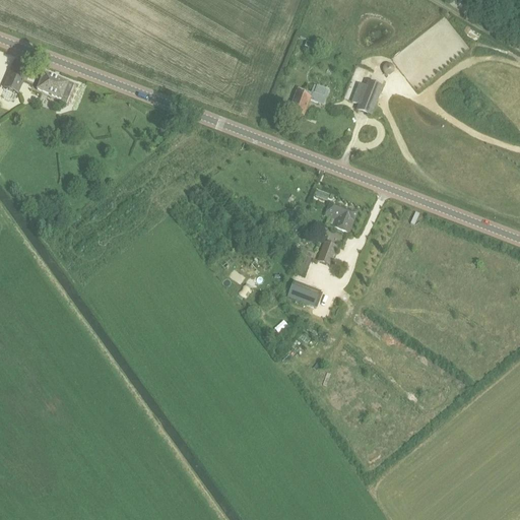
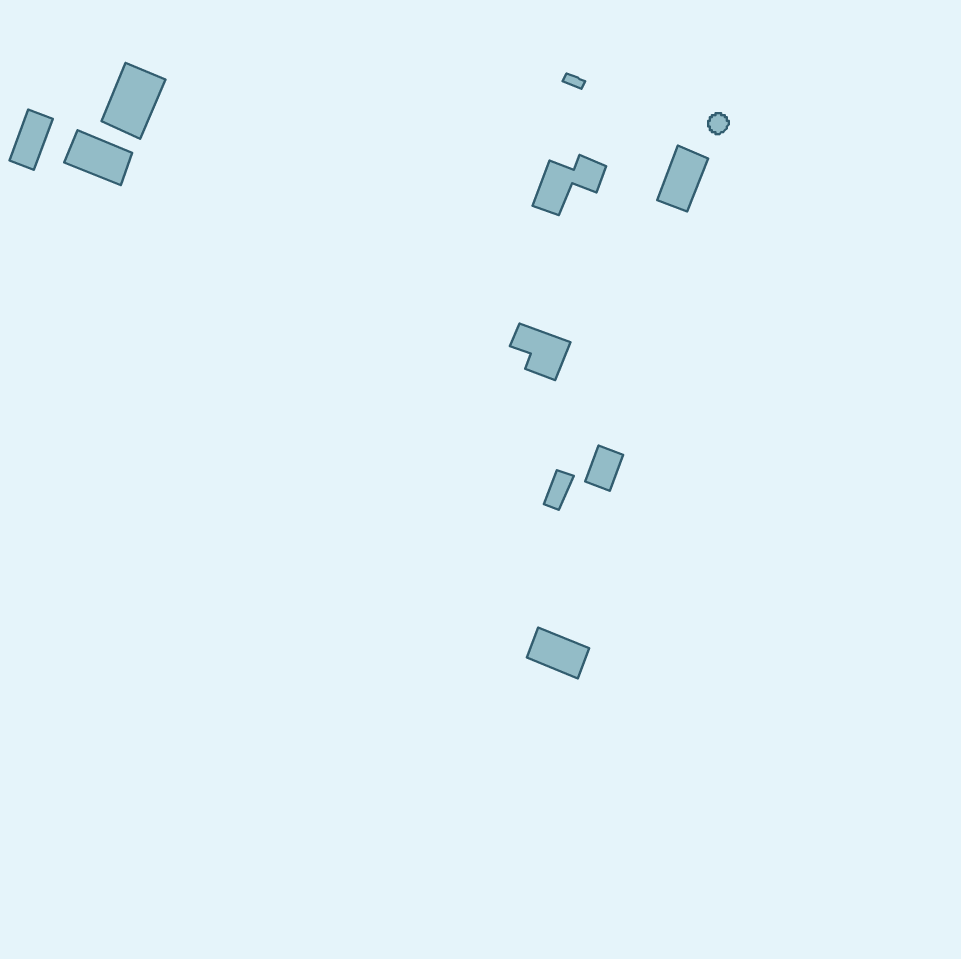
building: none -> [102,63,166,139]
building: [323,201,355,232] -> [510,323,570,380]
building: [285,278,319,306] -> [527,627,589,678]

